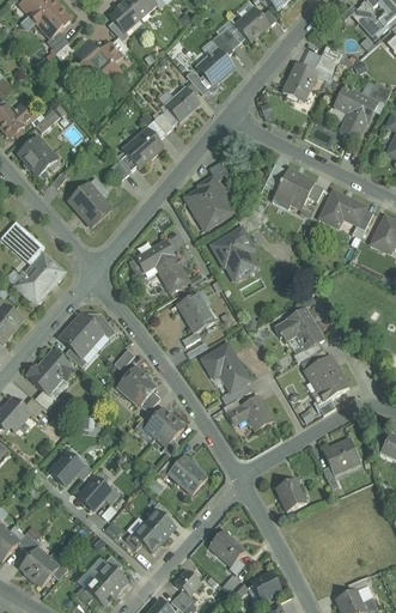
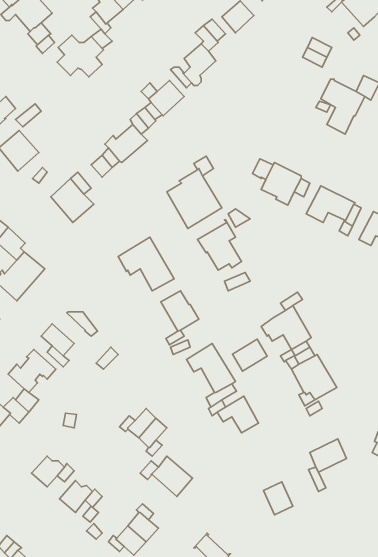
building: [281,63,316,102] -> none
building: [69,312,102,345] -> none
building: none -> [233,339,267,371]
building: [120,366,159,412] -> none

